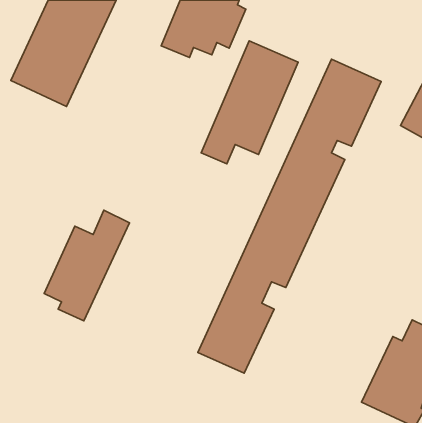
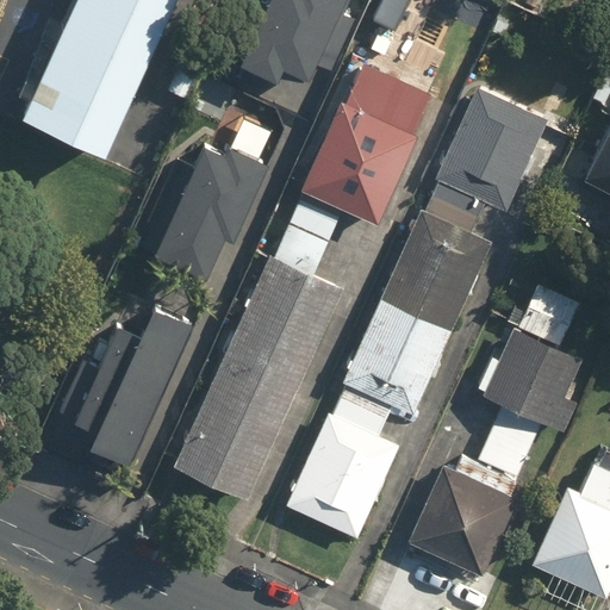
building: none -> [142,139,264,279]
building: none -> [172,255,343,502]
building: none -> [406,282,583,574]

